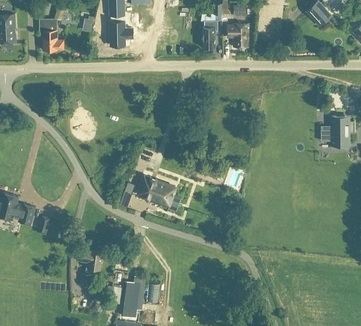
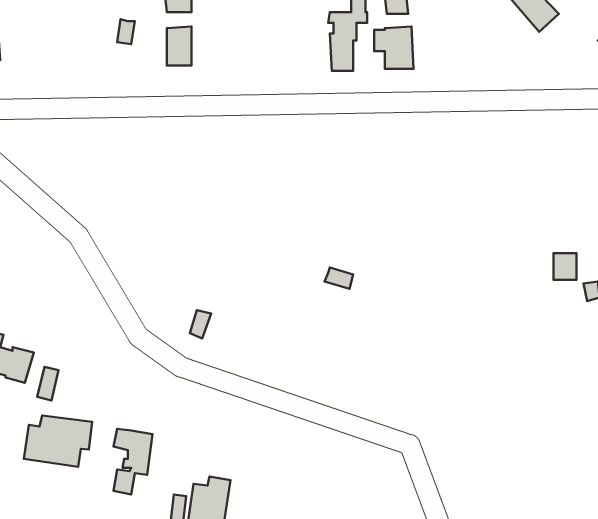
building: [39,20,63,50] -> none
building: [332,117,348,145] -> none
building: [137,176,176,205] -> none
building: none -> [24,415,92,467]

